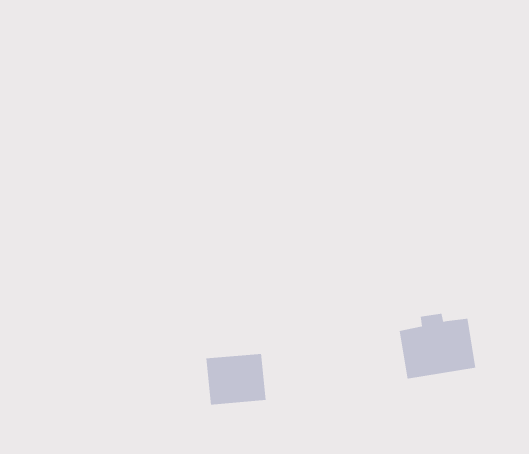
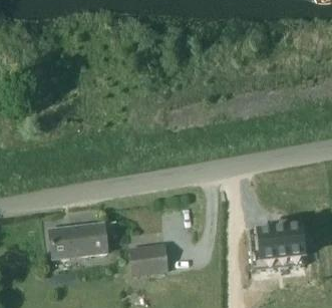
building: none -> [49,224,107,259]

